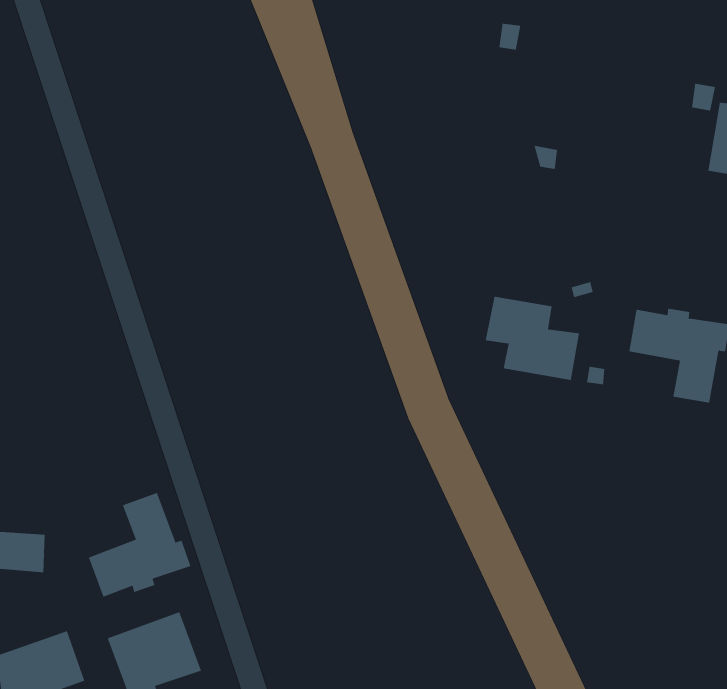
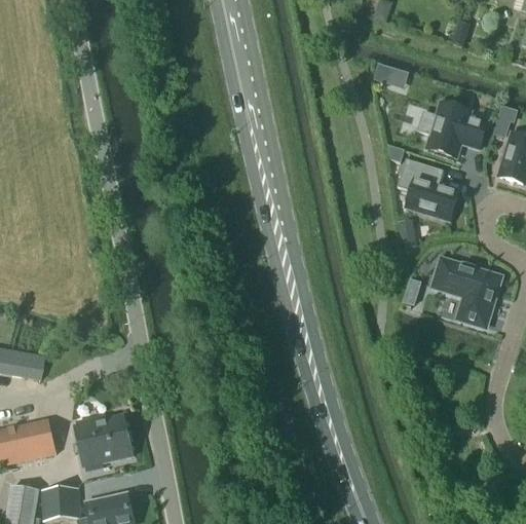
building: none -> [417,102,487,157]
building: [485,296,580,380] -> [397,159,458,220]
building: [88,492,191,598] -> none

